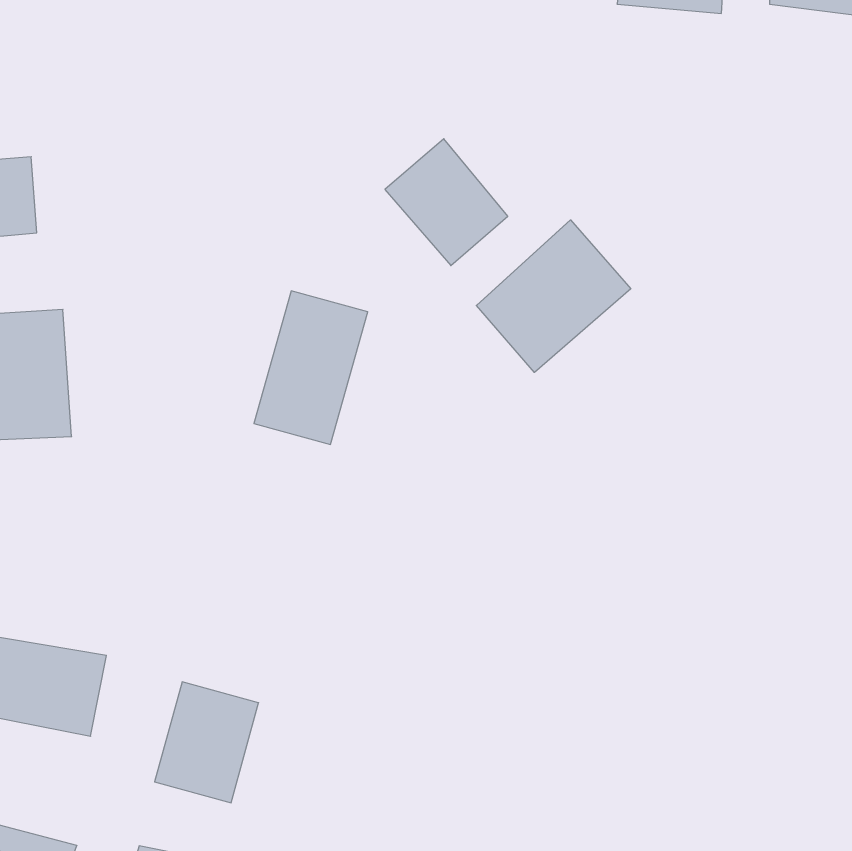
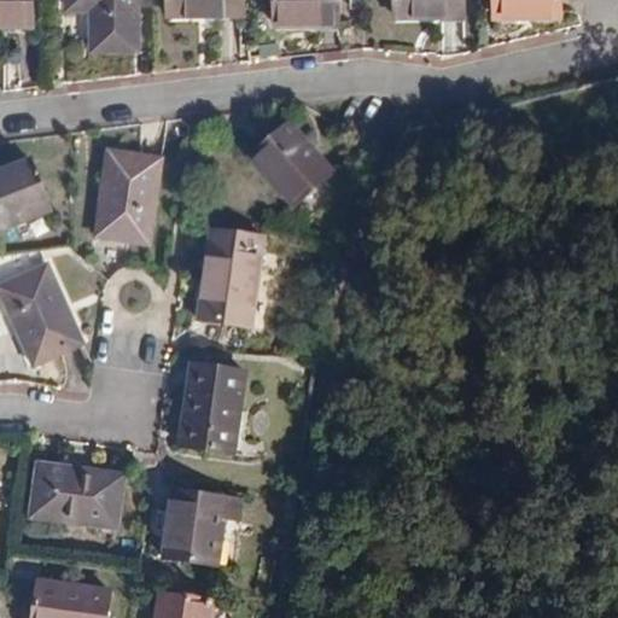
building: none -> [92,147,154,239]
building: [476,220,631,372] -> none
building: none -> [180,361,240,453]

